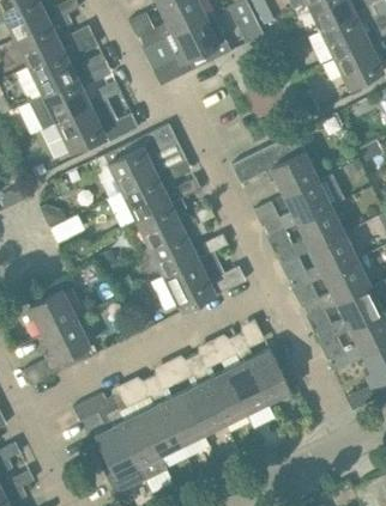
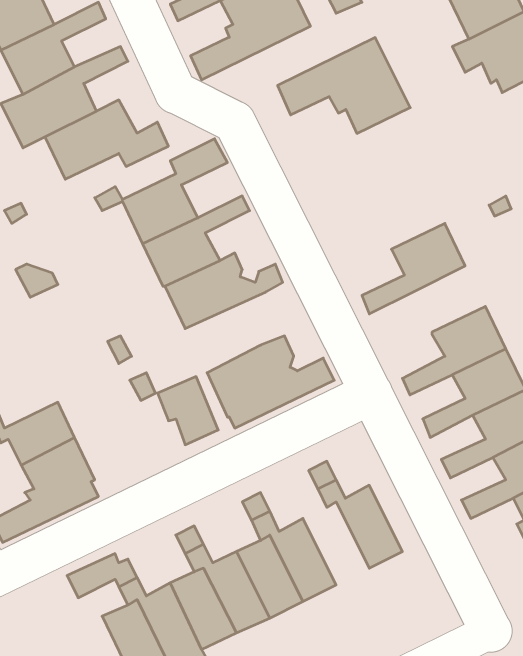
building: [231,134,318,196] -> [278,38,410,133]
building: [277,207,344,264] -> none
building: [149,224,206,276] -> none
building: [225,360,269,414] -> none

